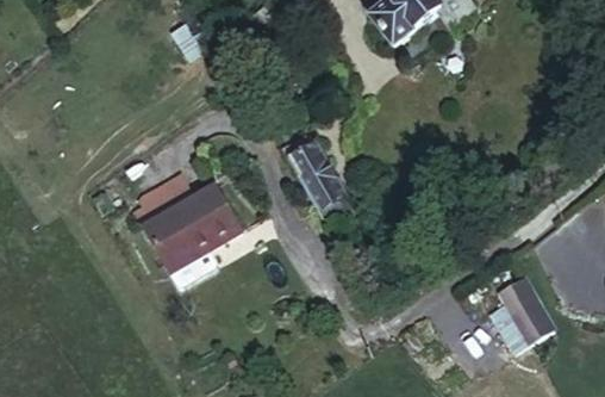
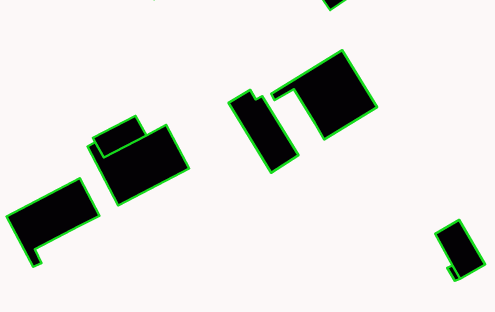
building: none -> [271,50,377,139]
building: none -> [6,178,100,267]

